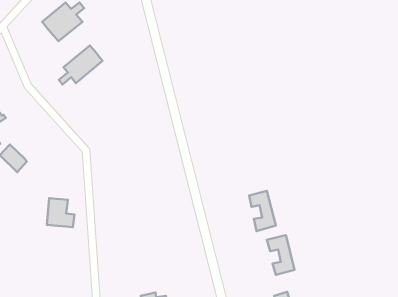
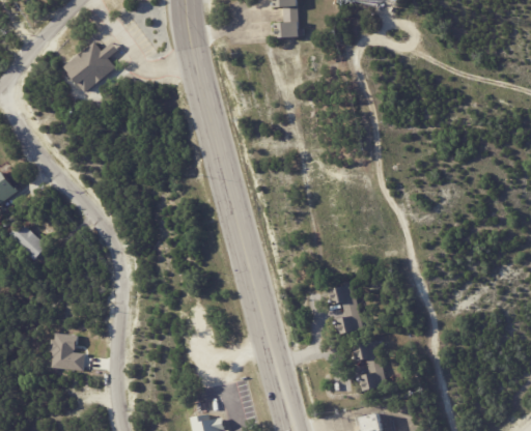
building: [59,45,102,85] -> none
building: [47,198,74,227] -> [49,333,84,370]

